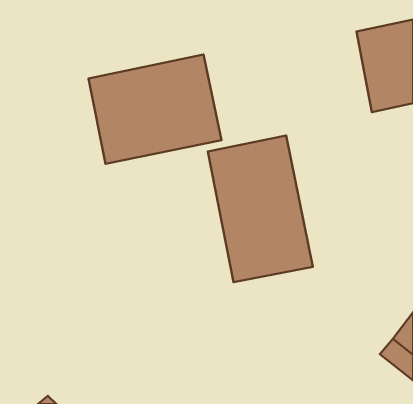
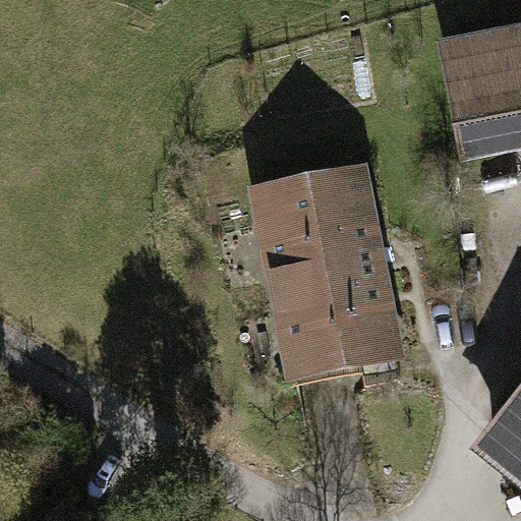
building: [88,54,221,164] -> none

